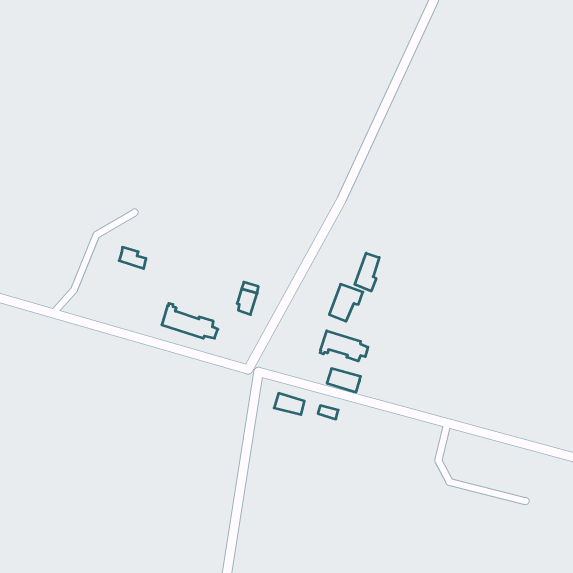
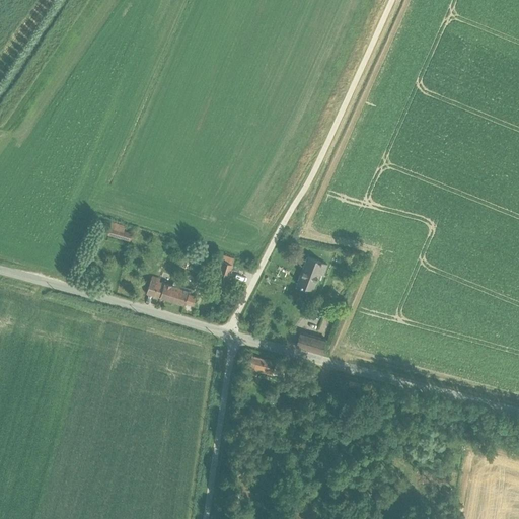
building: [355,253,379,291] -> none
building: [320,331,368,361] -> none

